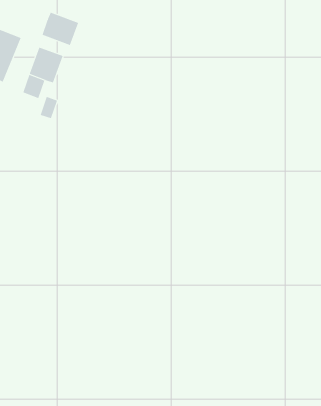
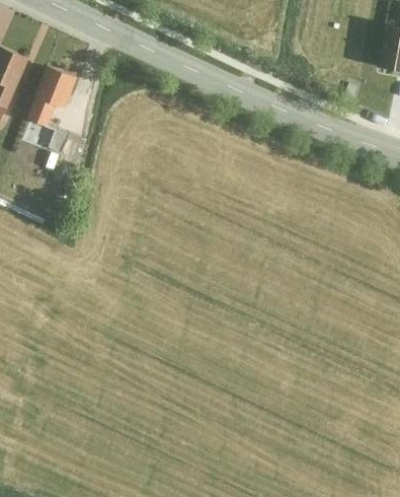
building: [42,12,79,46] -> none

